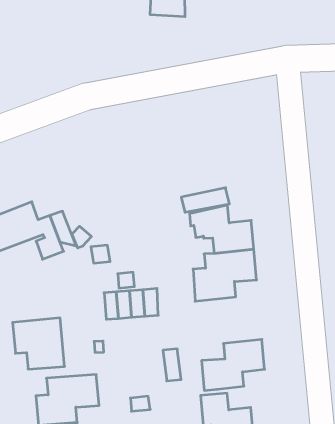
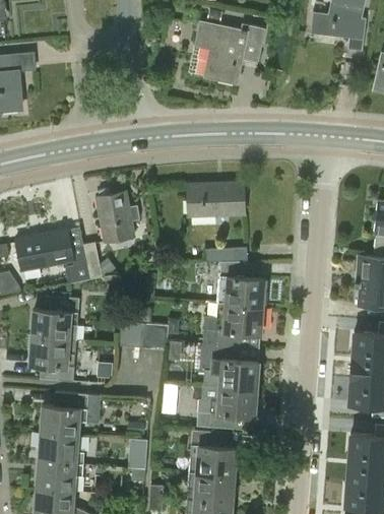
building: none -> [187,182,245,215]
building: none -> [97,192,139,241]
building: none -> [33,296,79,338]
building: none -> [198,343,258,388]

